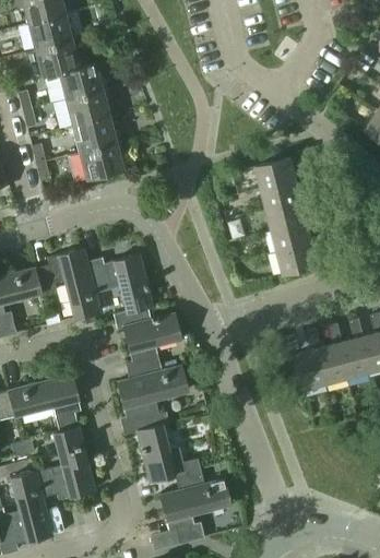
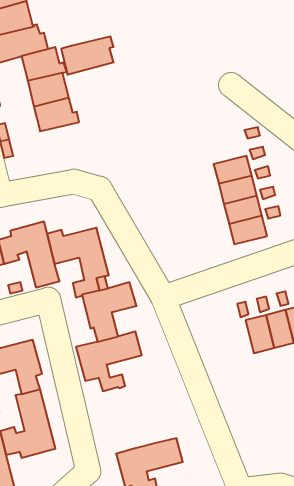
building: [67,143,122,183] -> [61,37,114,75]
building: [257,157,297,188] -> none
building: [135,425,203,490] -> none

